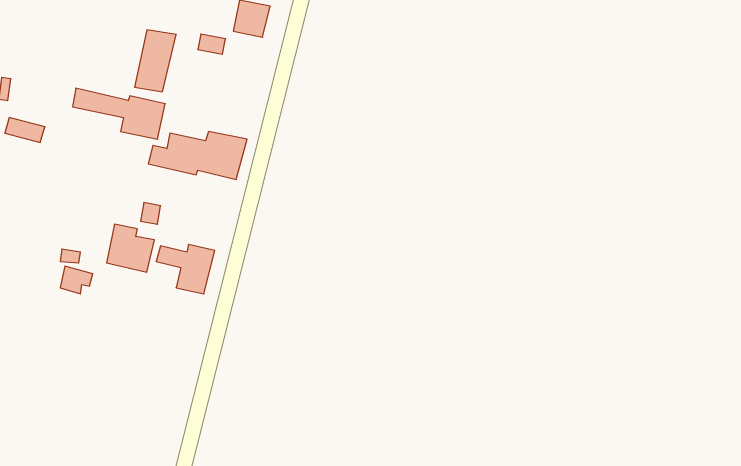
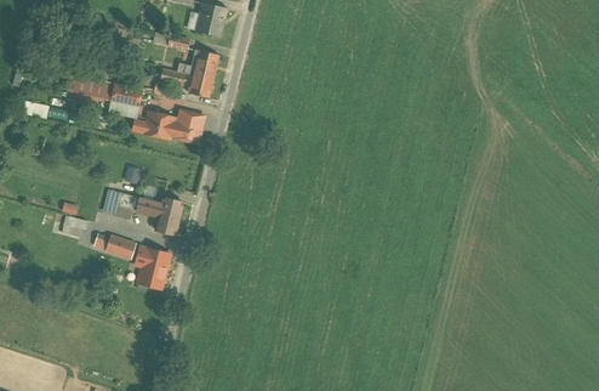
building: [135,30,176,92] -> [187,51,219,100]
building: none -> [93,234,170,287]

